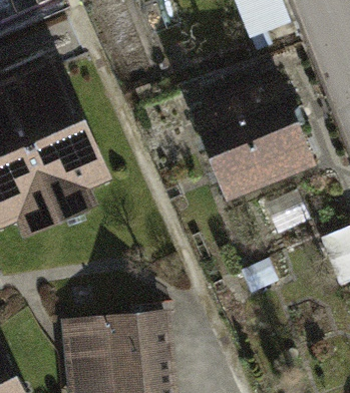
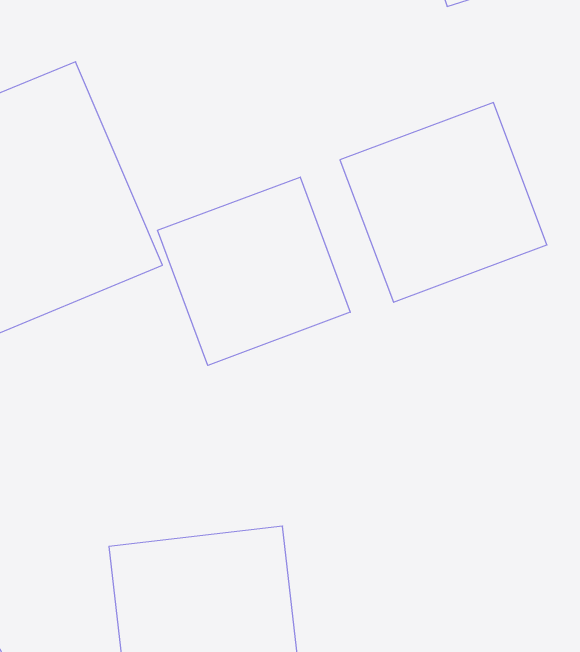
building: none -> [158,177,350,365]

